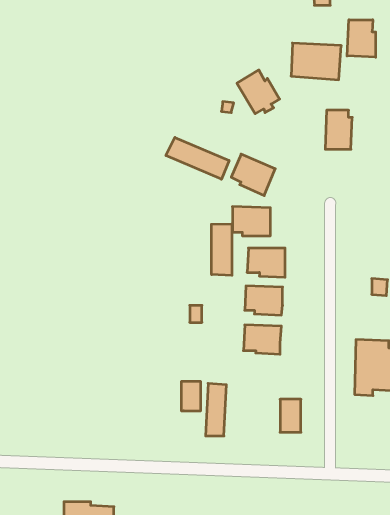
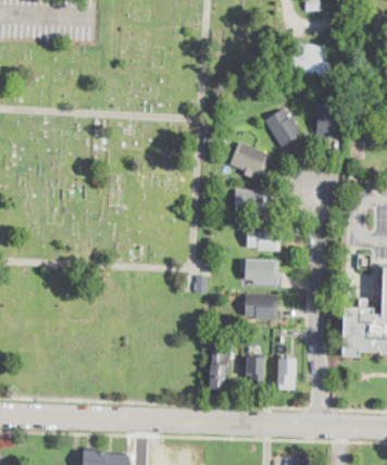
building: [347,20,376,57] -> none
building: [237,70,280,114] -> [263,108,301,147]
building: [166,137,229,179] -> none
building: [211,224,232,275] -> none
building: [181,382,201,411] -> [245,356,262,382]

